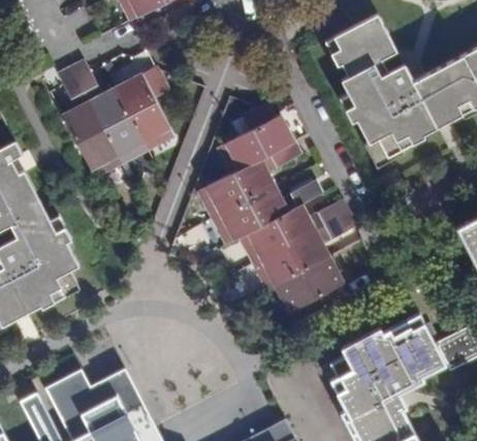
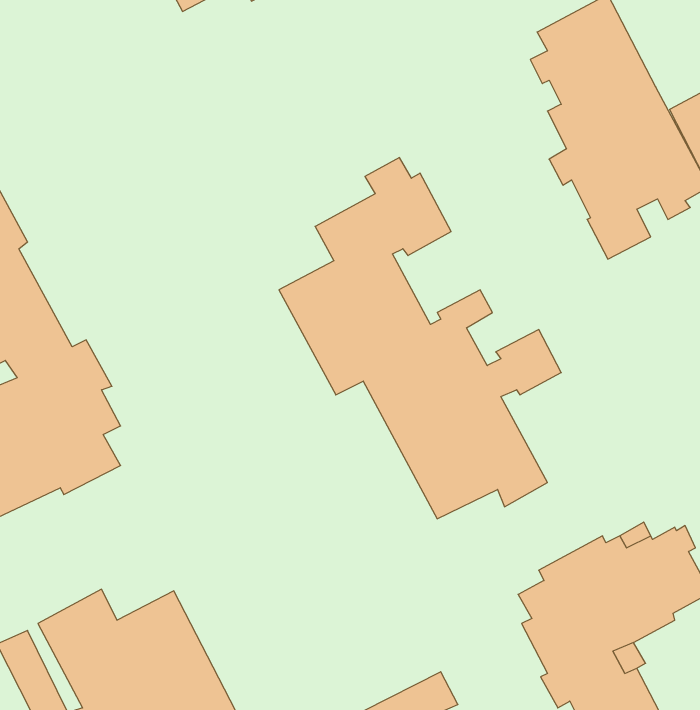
building: [62,57,173,174] -> none

